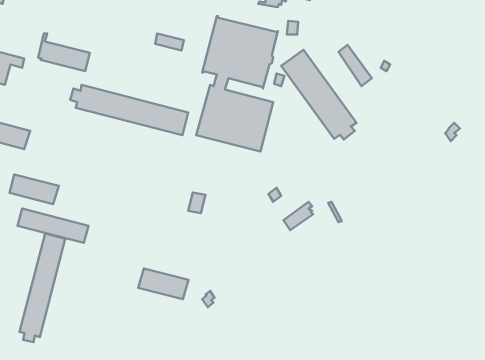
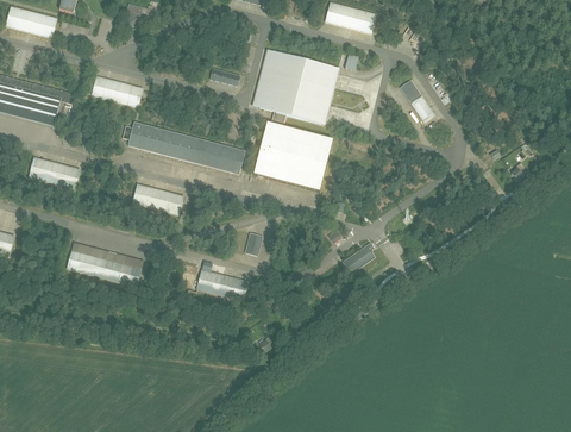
building: [281,50,356,139] -> none
building: [10,174,59,204] -> [132,183,183,214]
building: [20,233,65,342] -> none
building: [138,268,189,299] -> [195,269,247,301]

